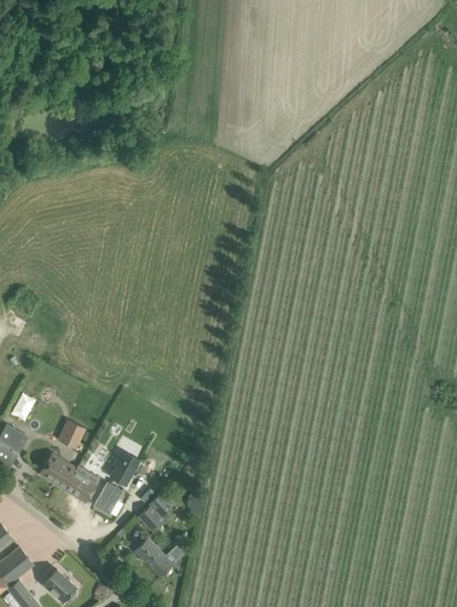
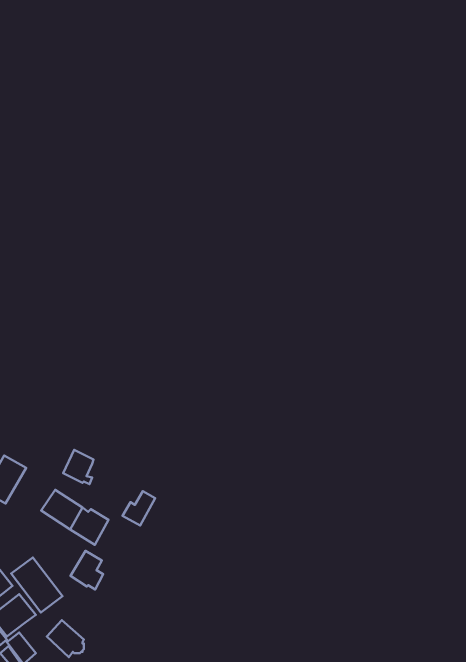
building: [94,482,123,516] -> [70,551,103,589]
building: [138,492,173,532] -> none
building: none -> [11,557,63,612]
building: [135,538,183,576] -> none

